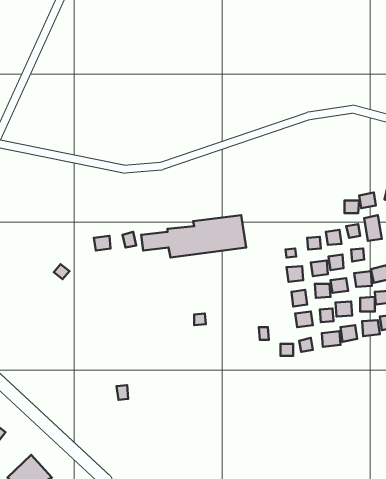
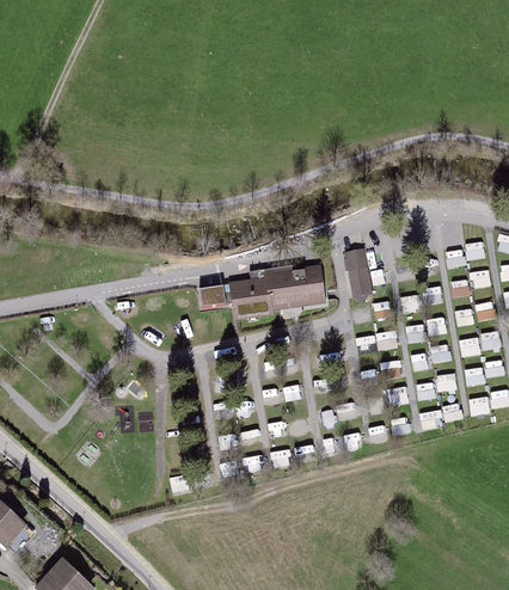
building: none -> [341,251,372,300]

